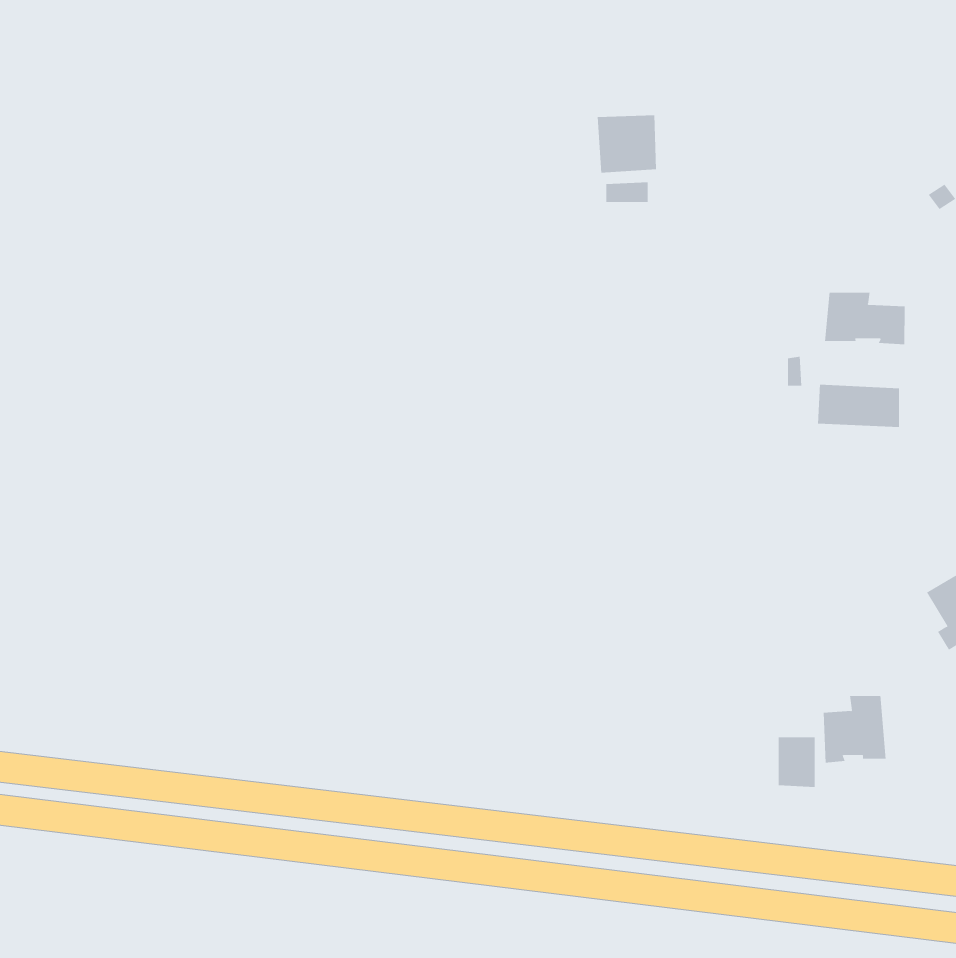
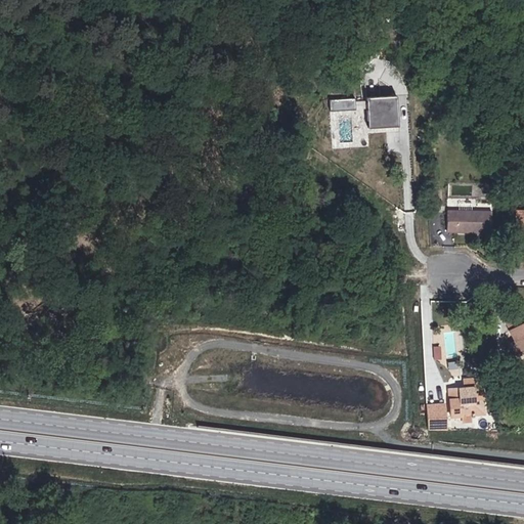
building: [597,115,657,173] -> [366,95,399,127]
building: [824,292,905,345] -> none

